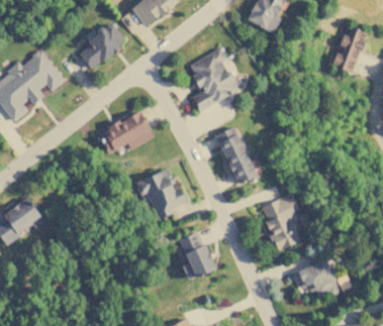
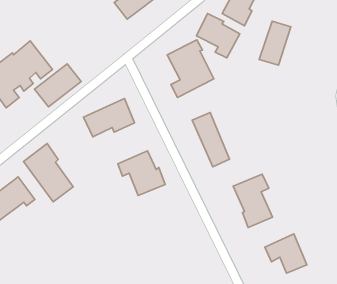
building: none -> [196,14,240,58]
building: [77,23,127,70] -> [35,64,81,107]
building: [332,25,367,73] -> [259,21,291,65]
building: none -> [24,144,73,202]
building: [179,231,214,280] -> none

